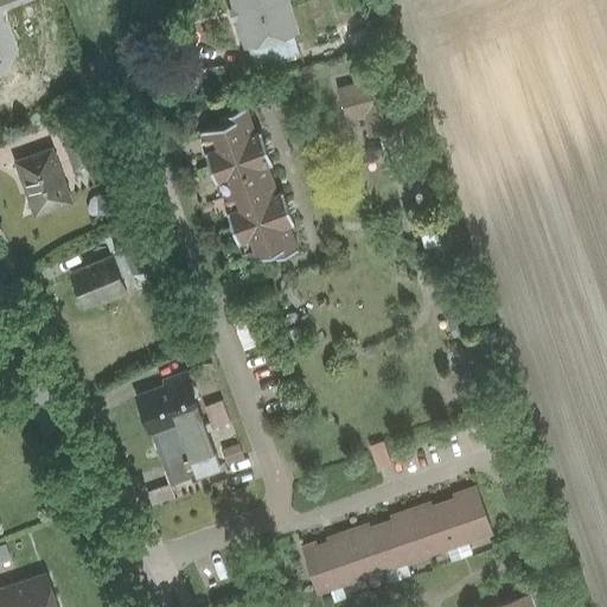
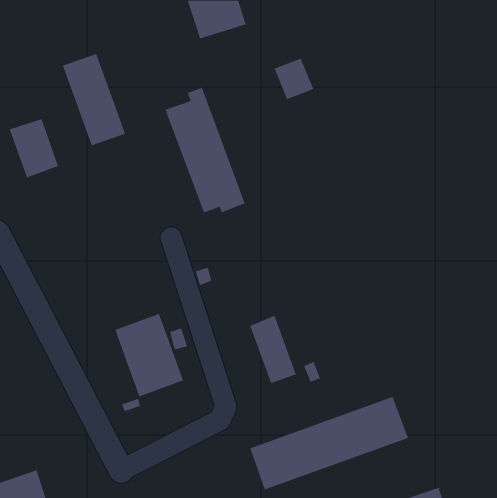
building: none -> [62,53,126,146]
building: [66,254,128,311] -> none
building: none -> [250,315,296,384]

